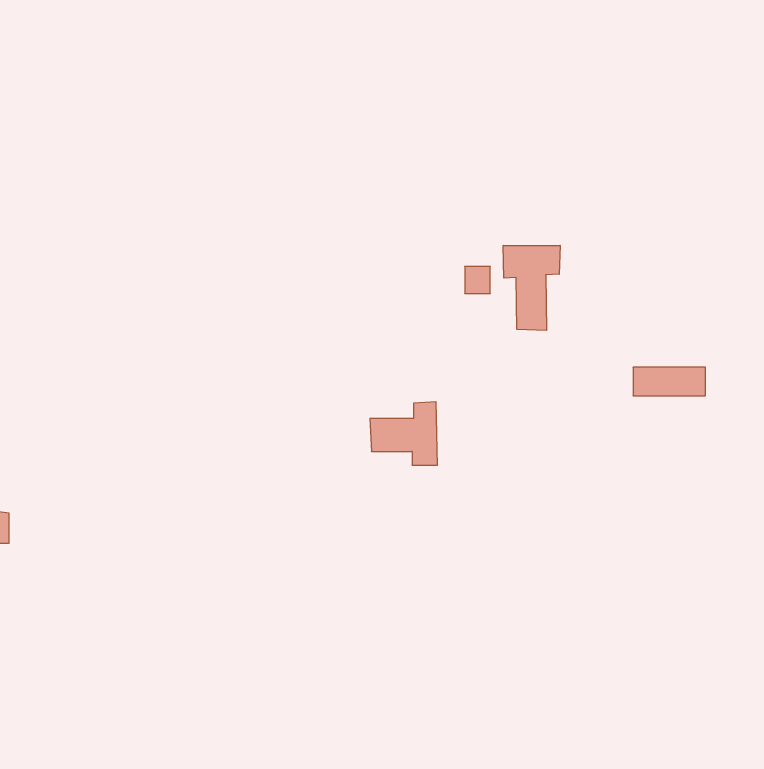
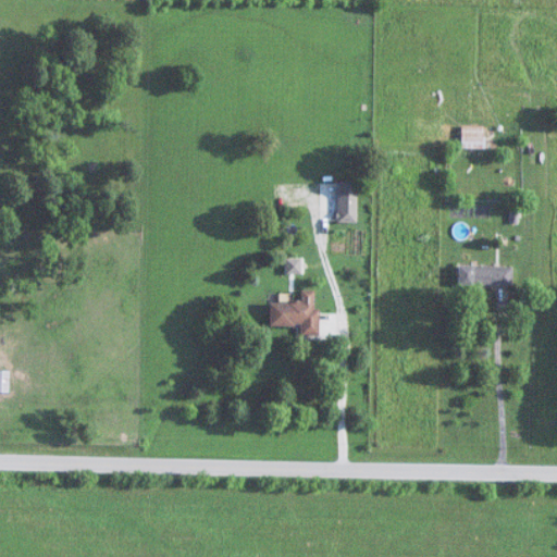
building: none -> [459,126,483,149]
building: [503,245,560,330] -> none

